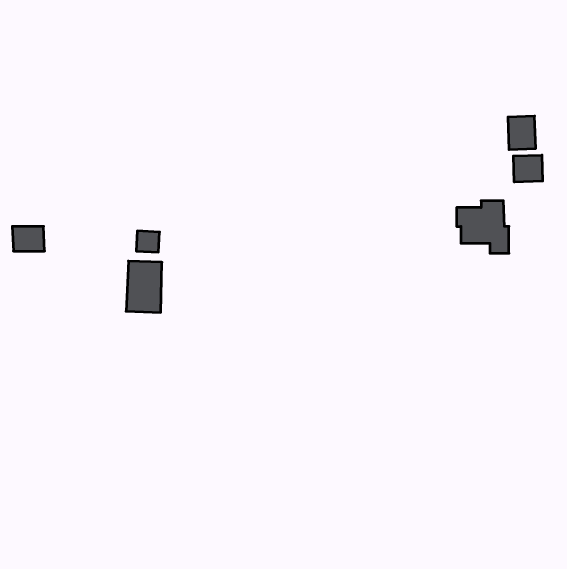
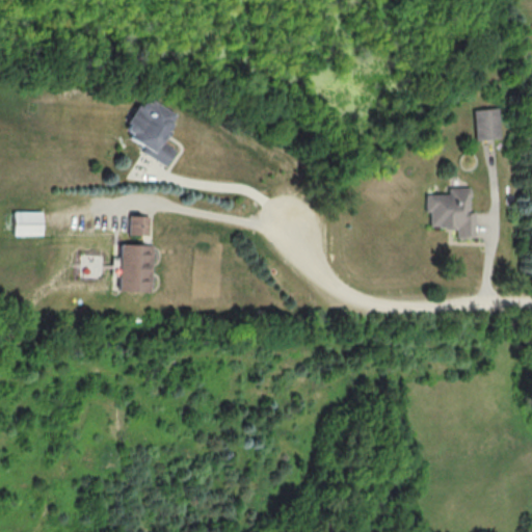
building: none -> [126,98,179,166]
building: [513,155,543,182] -> none

